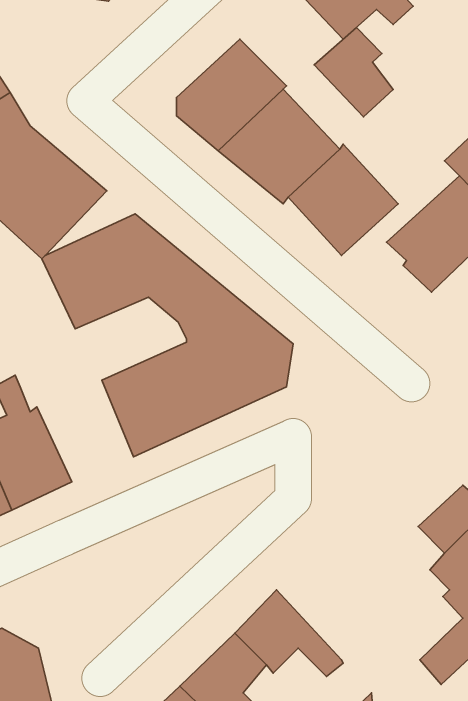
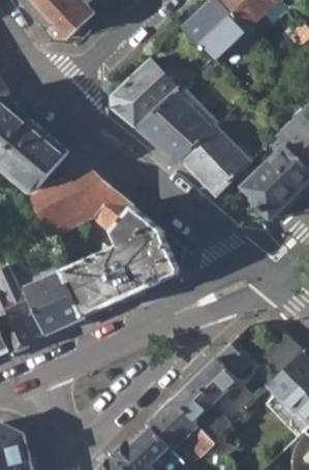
building: [314,28,393,117] -> none
building: none -> [13,255,84,333]
building: none -> [173,346,246,443]

